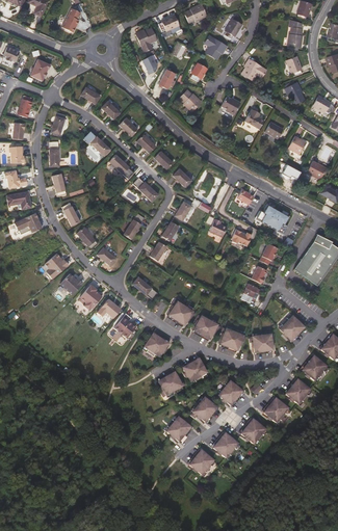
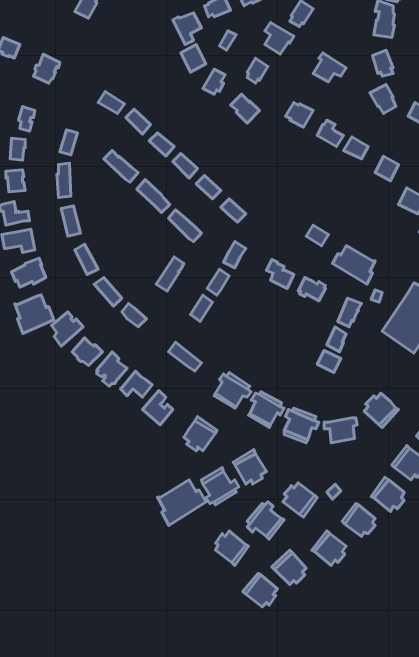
building: none -> [15,295,54,333]
building: none -> [158,480,206,526]

